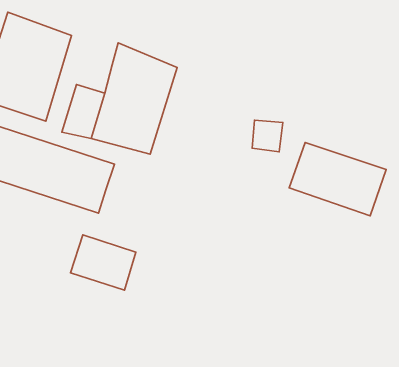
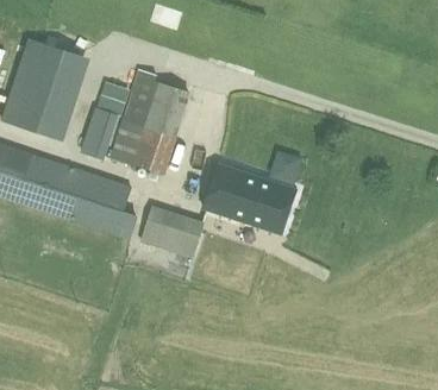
building: none -> [94,80,129,117]
building: [289,142,386,216] -> [202,161,296,232]
building: [71,235,136,290] -> [139,202,202,256]

